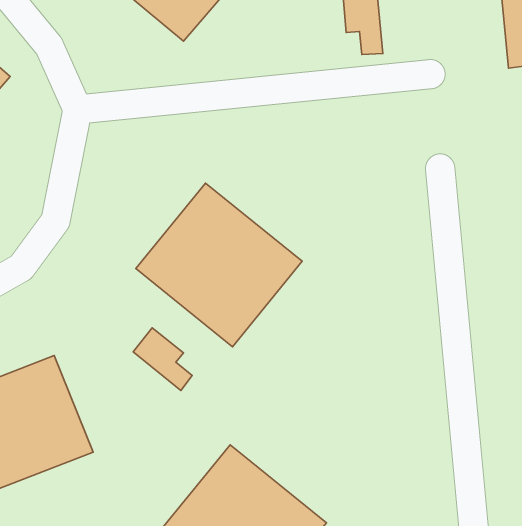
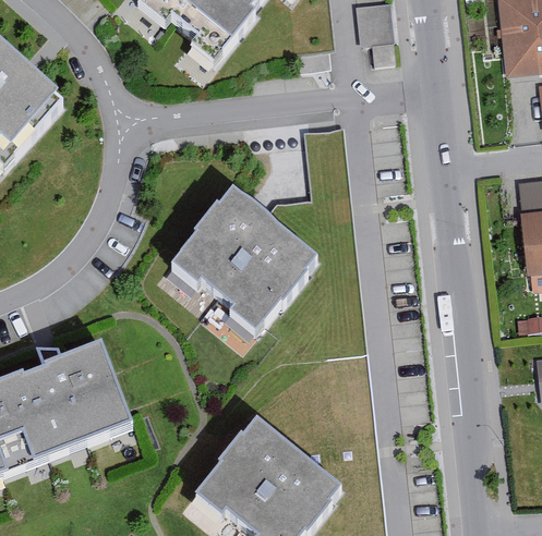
building: [133,328,192,390] -> none

